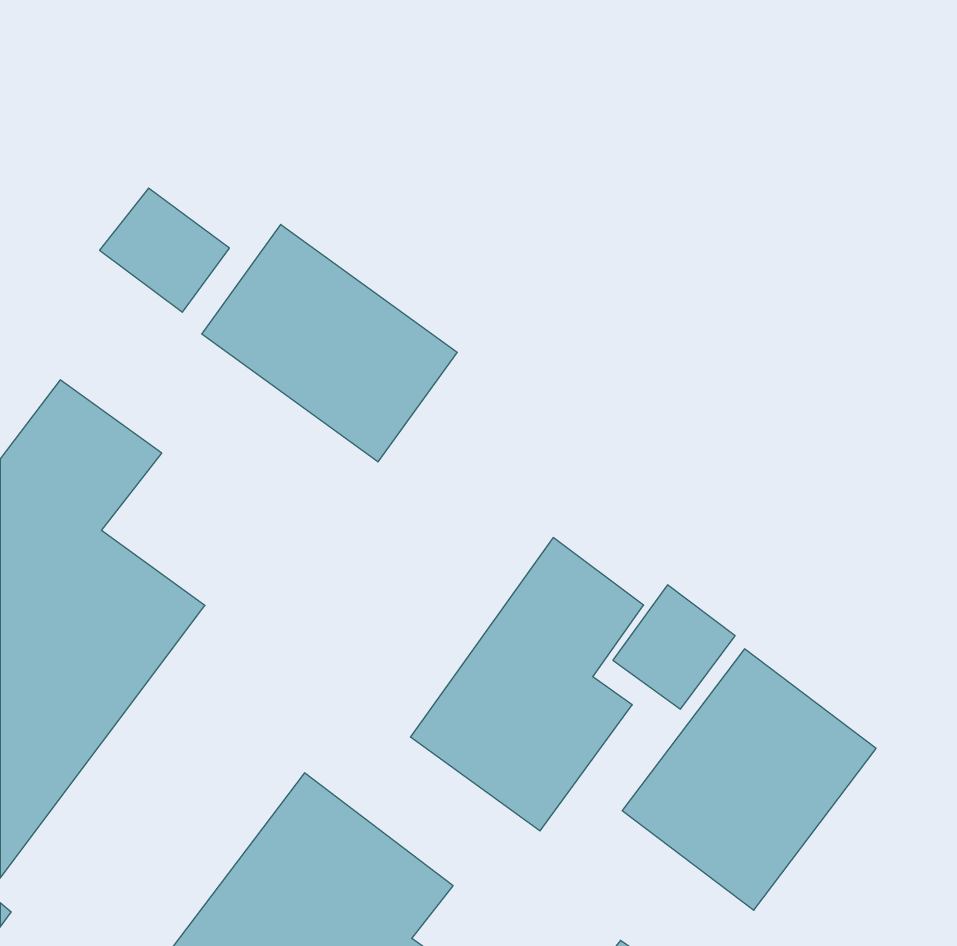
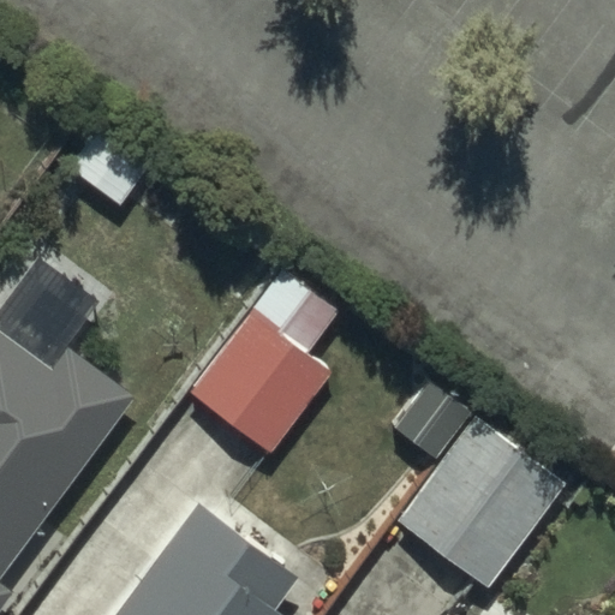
building: [202,224,457,462] -> none
building: [410,538,644,831] -> [186,267,335,454]

